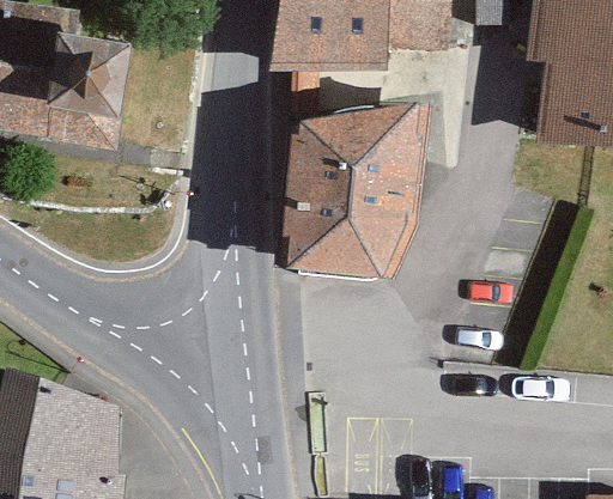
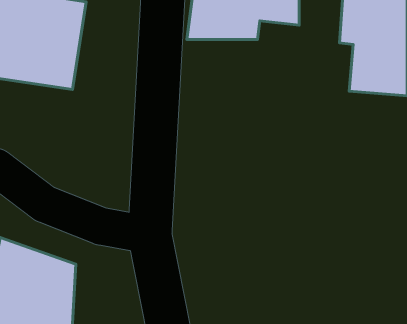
building: [290,103,429,281] -> none

